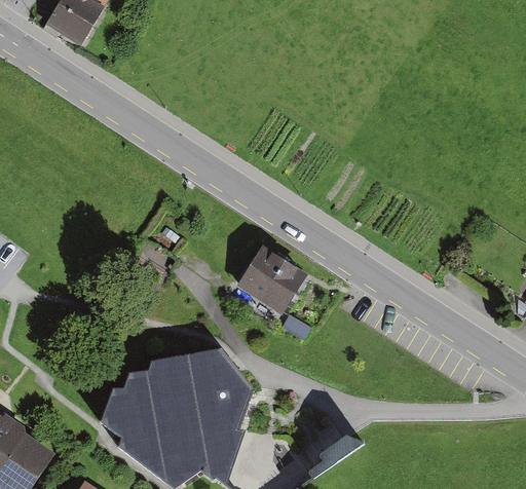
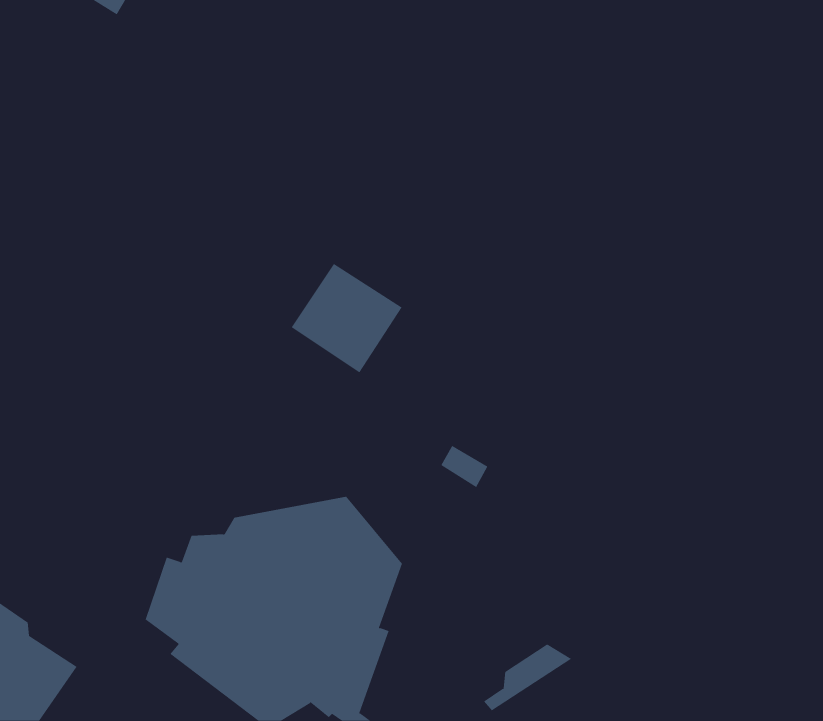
building: [236,244,306,313] -> [291,263,402,373]

